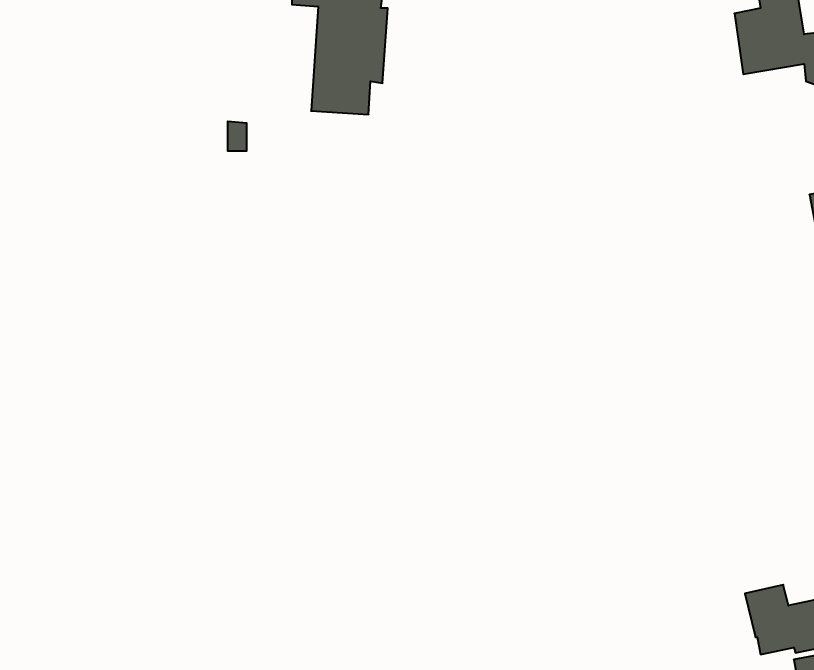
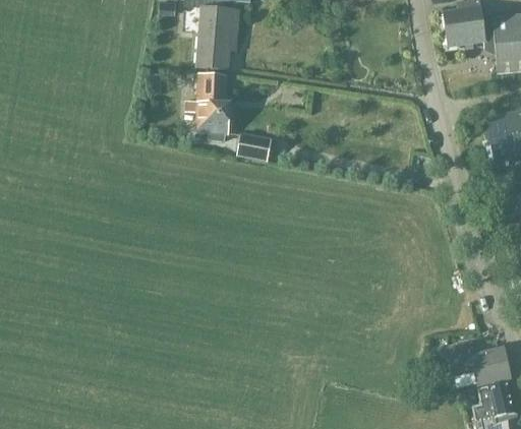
building: none -> [185,72,231,133]
building: none -> [237,134,273,162]

